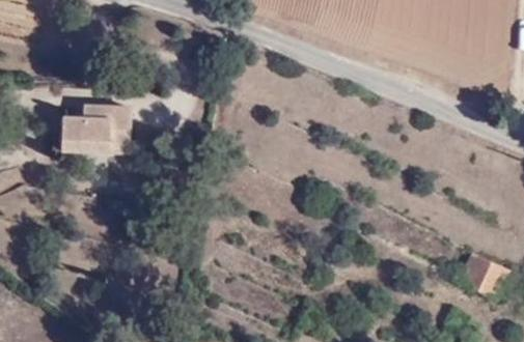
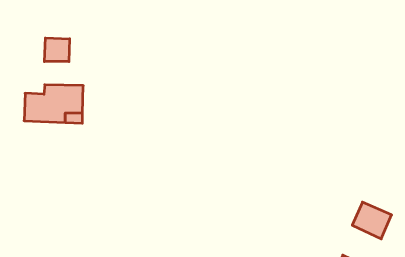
building: none -> [44,38,70,62]

